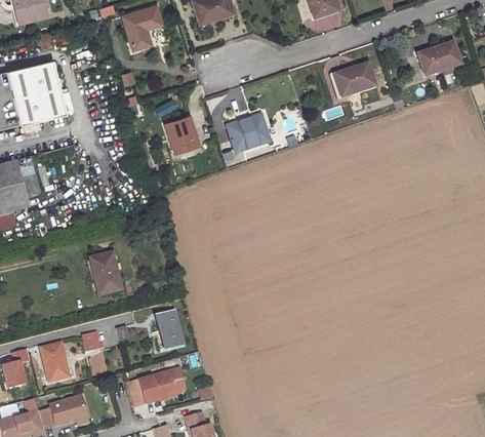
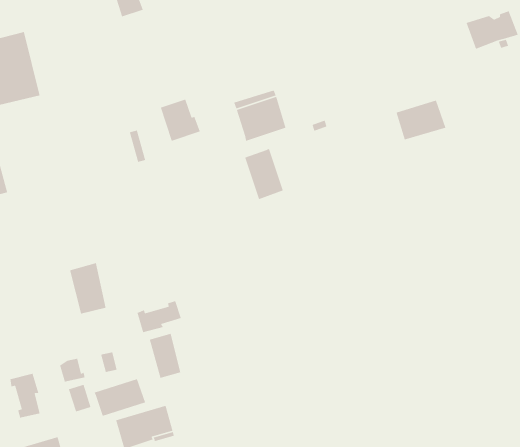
building: [334,63,376,96] -> [395,100,446,141]
building: none -> [244,148,284,200]
building: none -> [136,300,182,333]
building: none -> [93,378,146,417]

